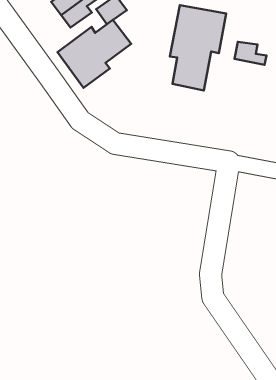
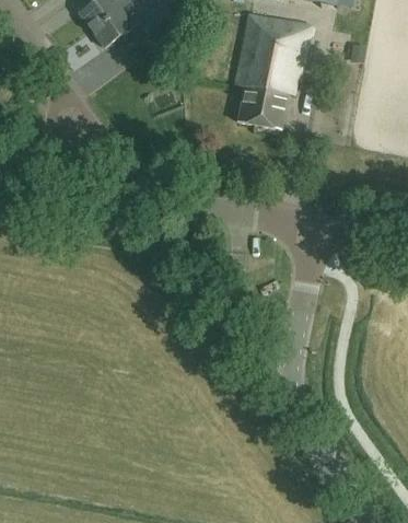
building: [58,20,131,88] -> none
building: [235,42,266,65] -> none

